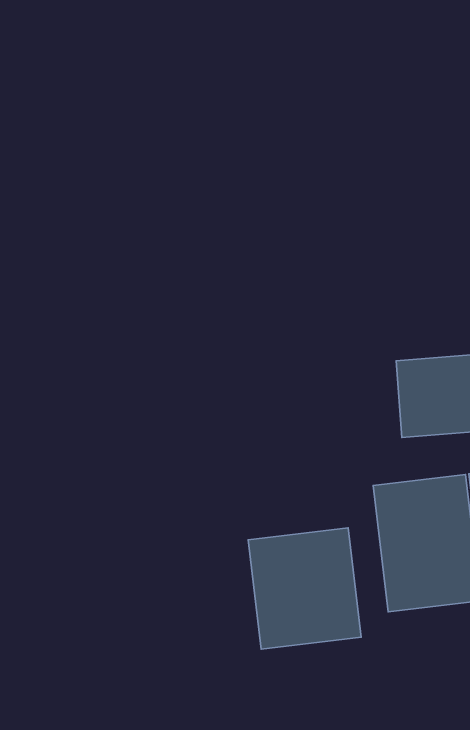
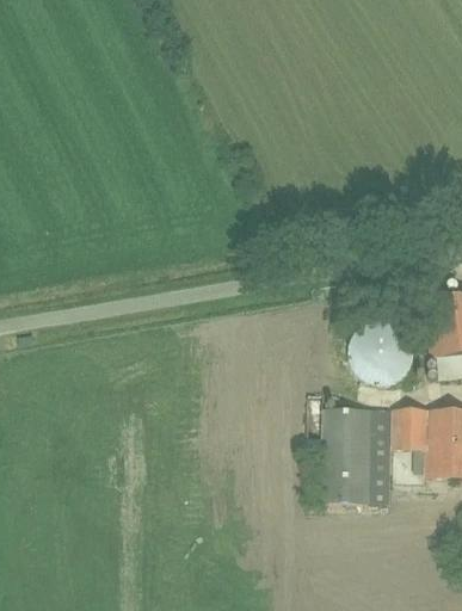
building: [248,528,361,649] -> none

